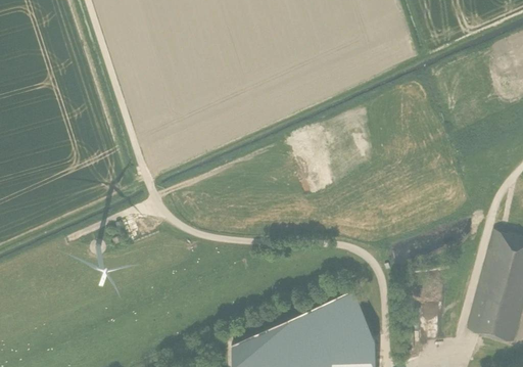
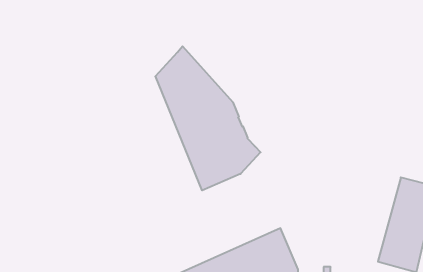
building: none -> [155,46,261,190]

